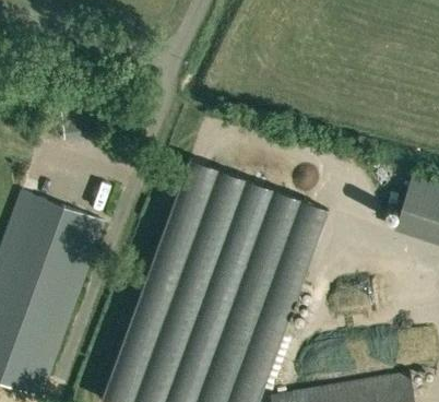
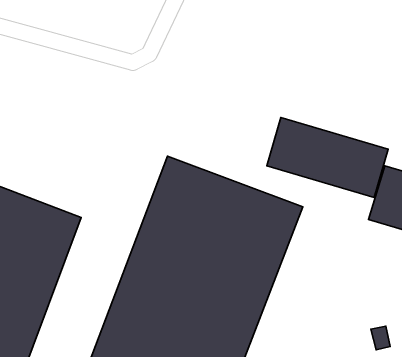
building: none -> [267,117,388,197]

